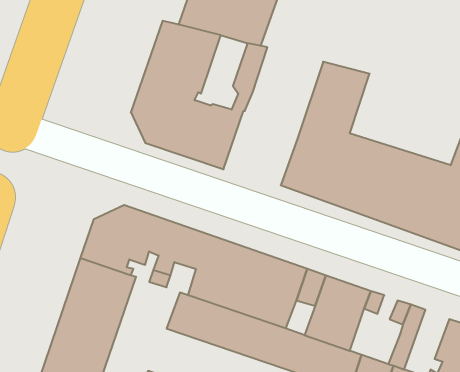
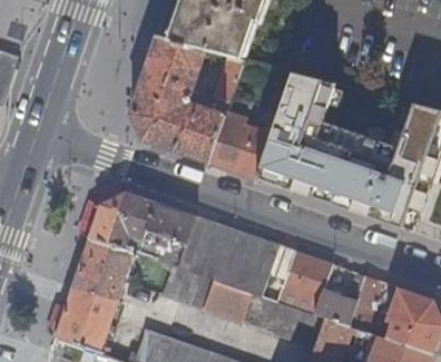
building: none -> [208,96,271,177]
building: none -> [314,287,356,324]

